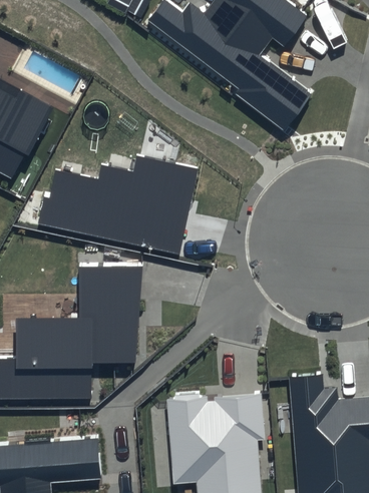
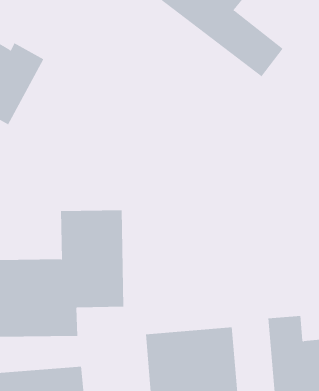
building: [39,152,194,248] -> none

